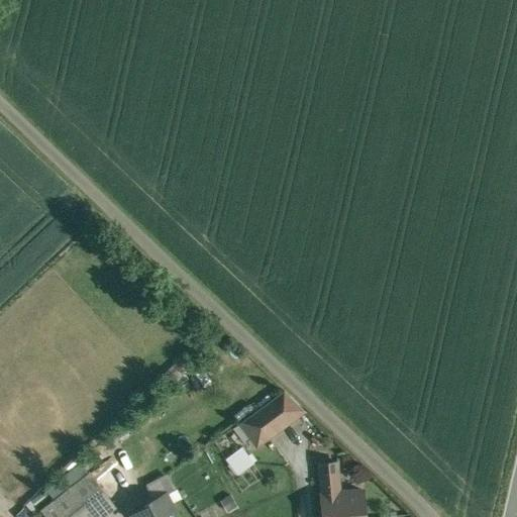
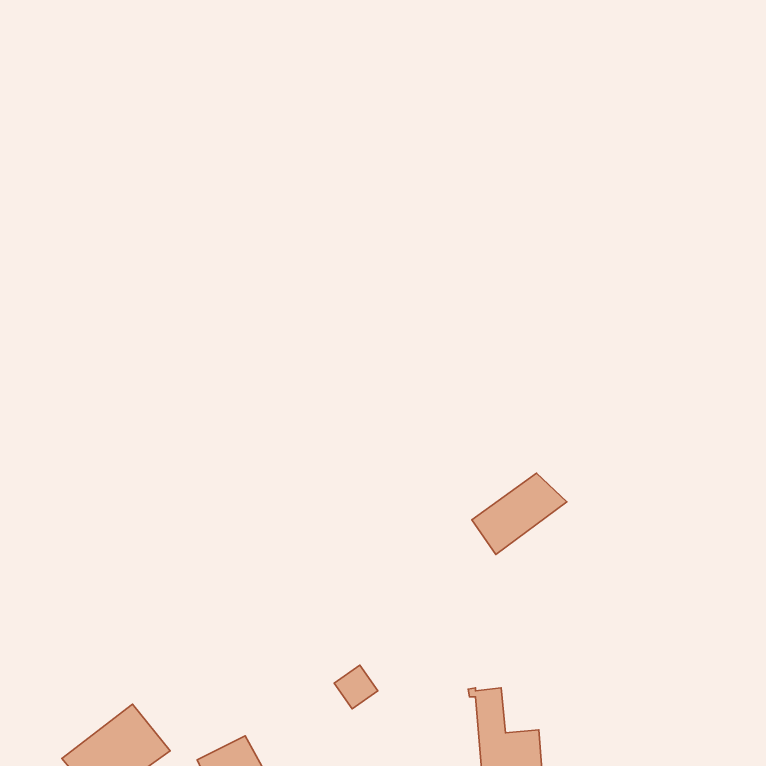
building: [240,392,304,446] -> [472,473,567,555]

